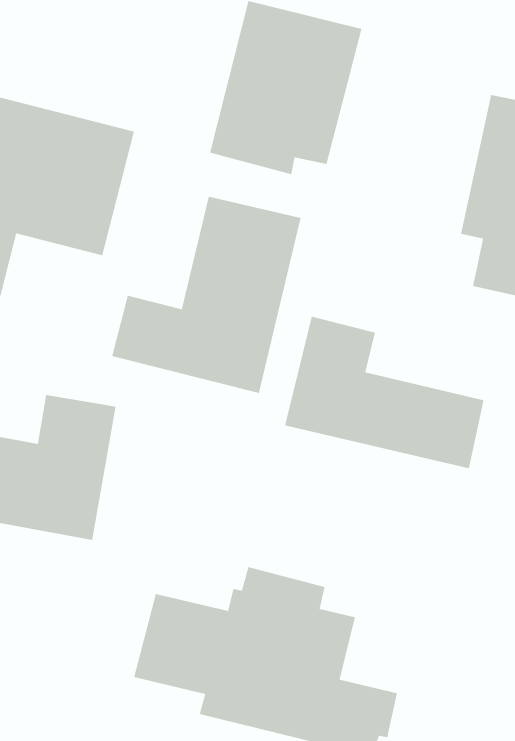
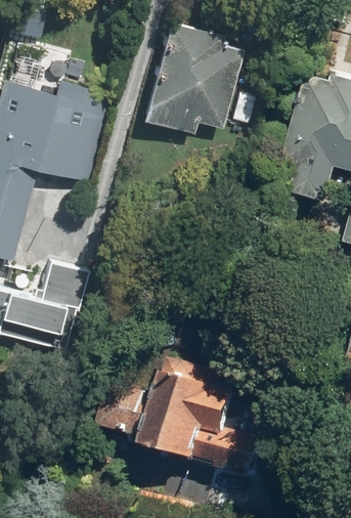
building: [111,196,302,394] -> none
building: [284,316,484,469] -> none

